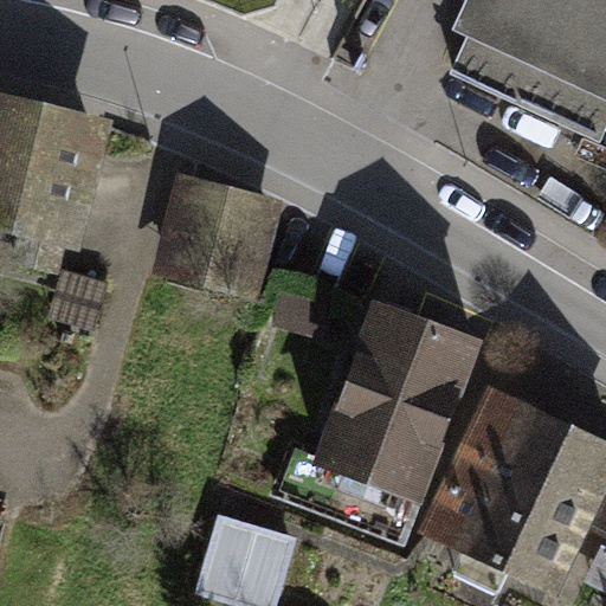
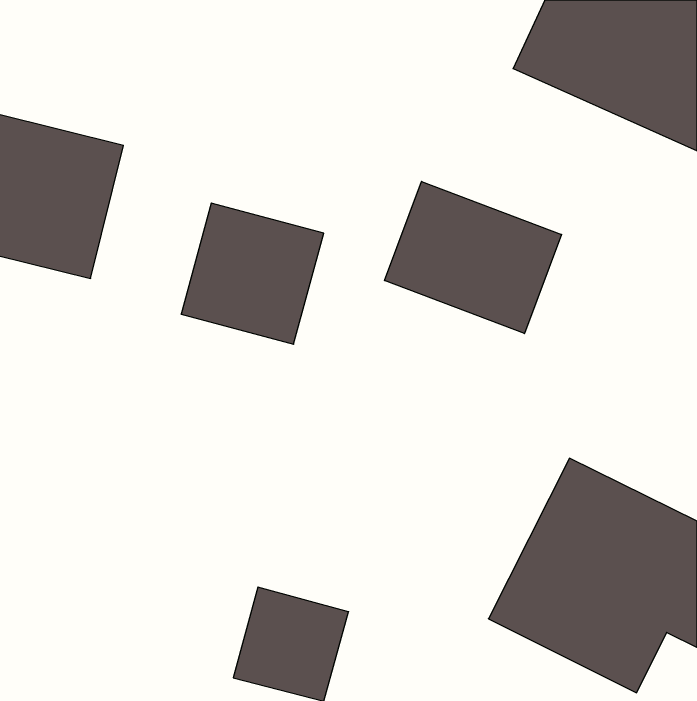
building: none -> [385,181,562,334]
building: [328,302,476,483] -> none

